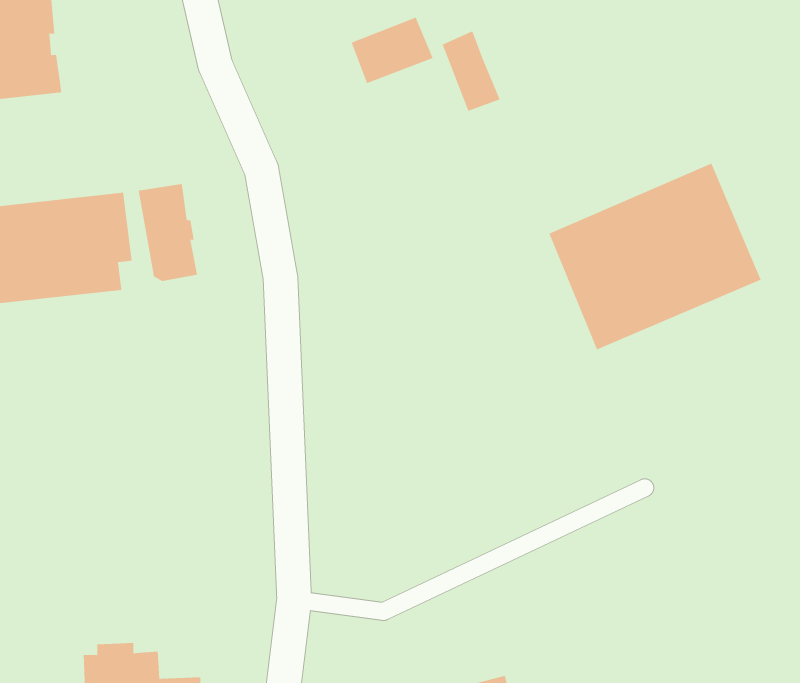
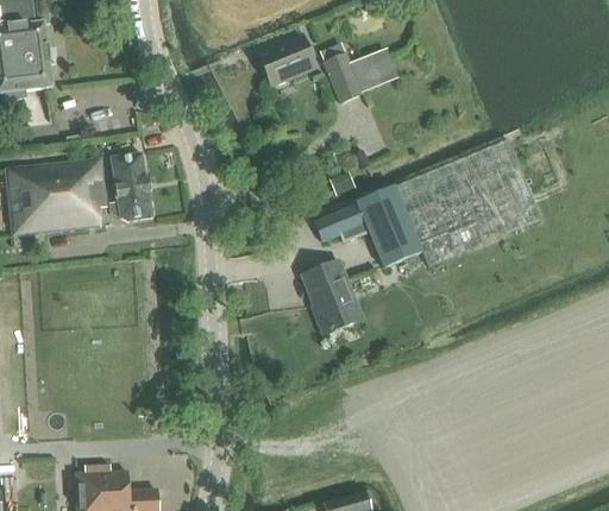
building: none -> [349,50,396,93]
building: none -> [312,185,421,267]
building: none -> [306,260,362,334]

